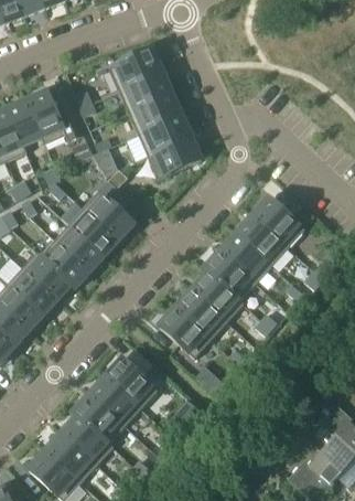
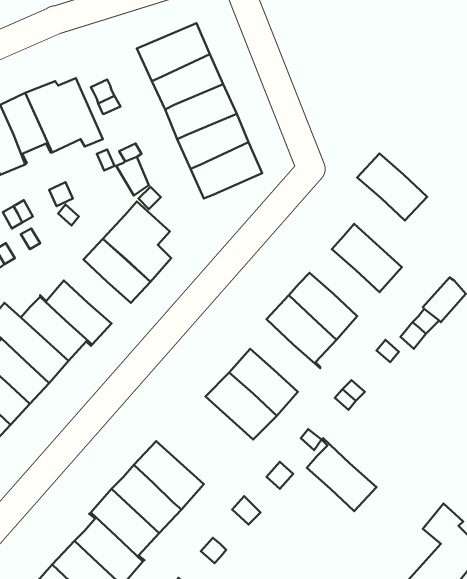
building: [235,216,287,266] -> [357,154,427,221]
building: [53,224,103,271] -> none
building: [191,268,243,322] -> [307,438,377,511]

